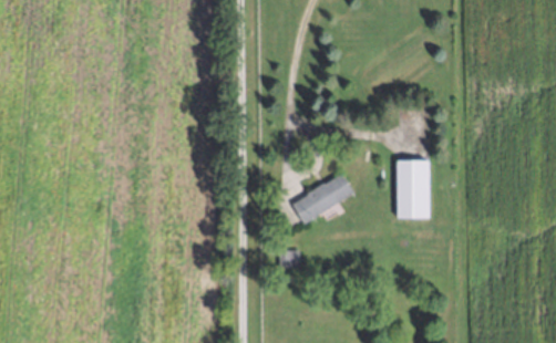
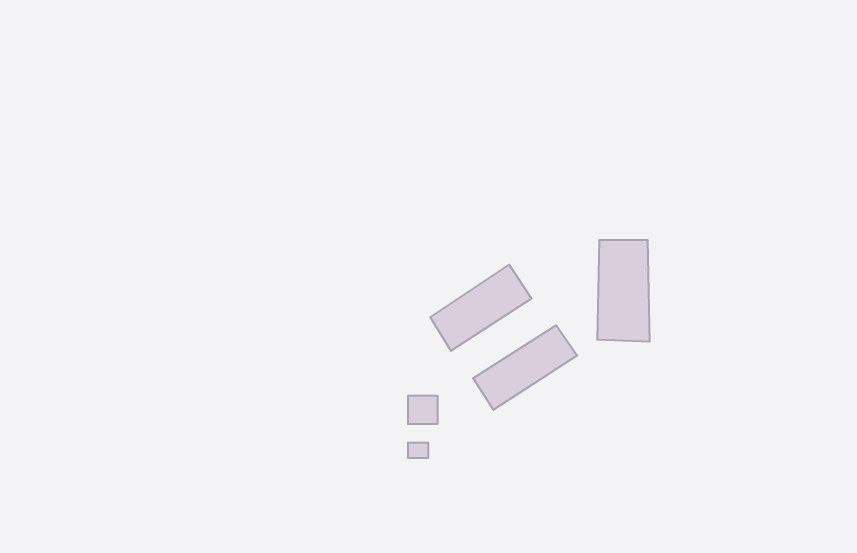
building: none -> [473,325,577,410]

